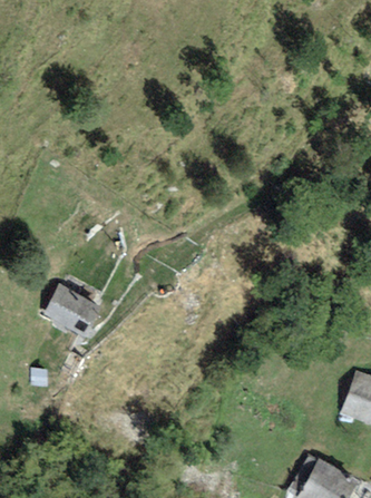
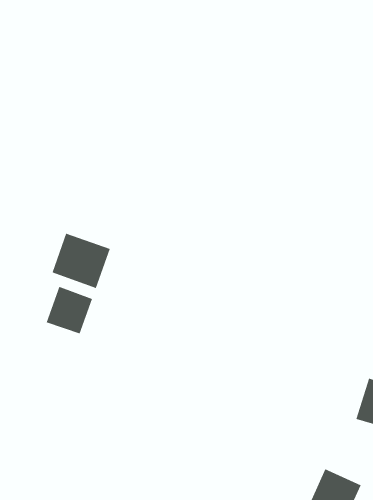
building: none -> [52,233,111,289]

